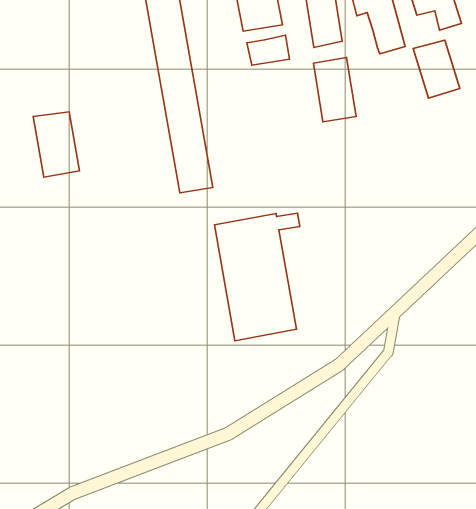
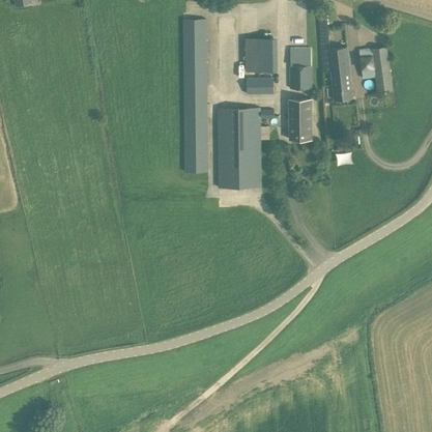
building: [413,40,460,98] -> none
building: [33,112,79,177] -> none
building: [214,213,300,341] -> [218,108,275,189]

